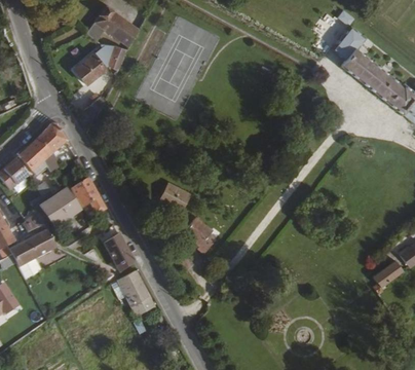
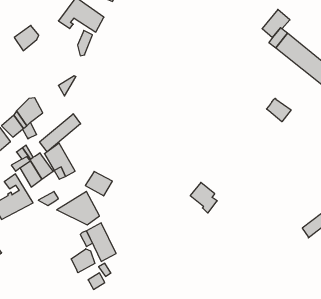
building: [75,54,104,84] -> [14,25,39,51]
building: none -> [267,98,291,122]
building: none -> [40,114,81,152]
building: [157,182,189,211] -> [85,171,112,196]
building: [182,217,214,253] -> [190,182,217,213]
building: none -> [71,249,95,273]

